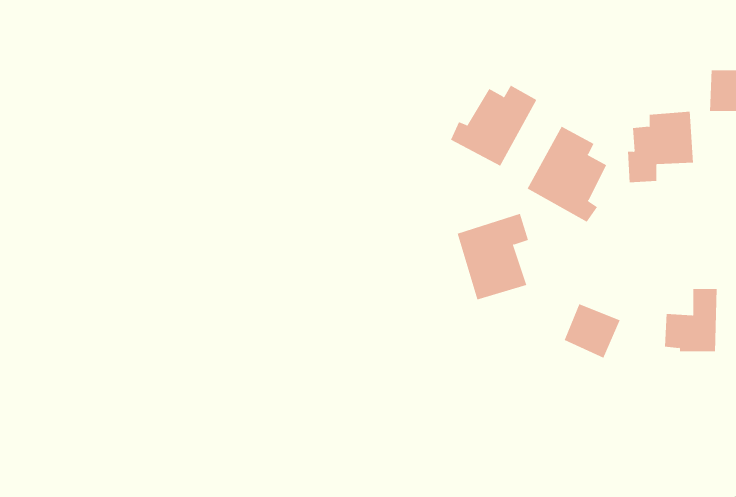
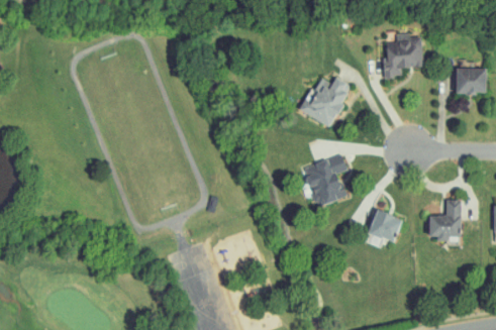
building: [627,111,694,183] -> [383,34,423,78]
building: [527,126,607,223] -> none

